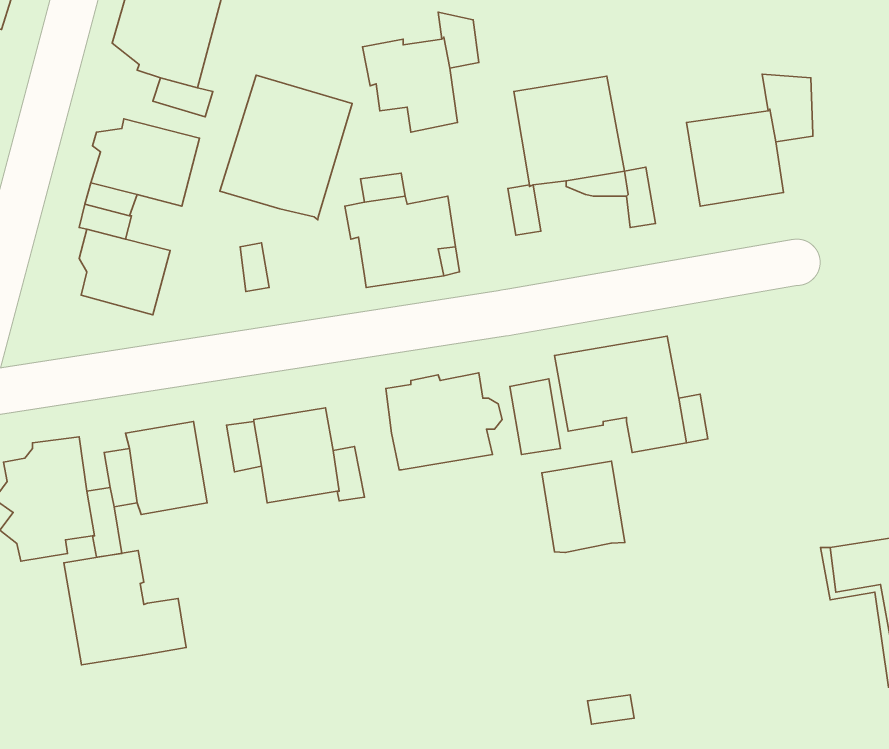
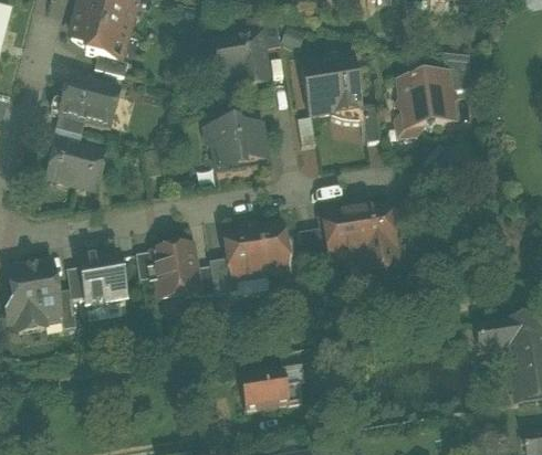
building: [220,75,352,220] -> none
building: none -> [209,256,238,293]
building: [542,461,625,553] -> none
building: [64,551,186,665] -> none
building: none -> [242,372,291,409]

